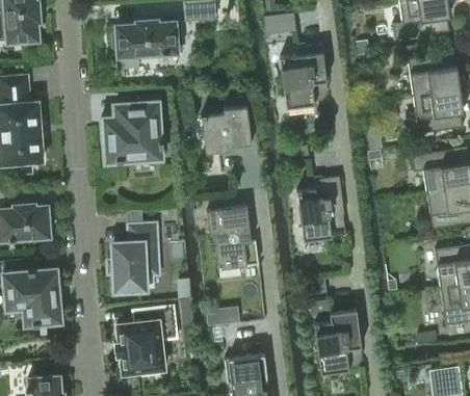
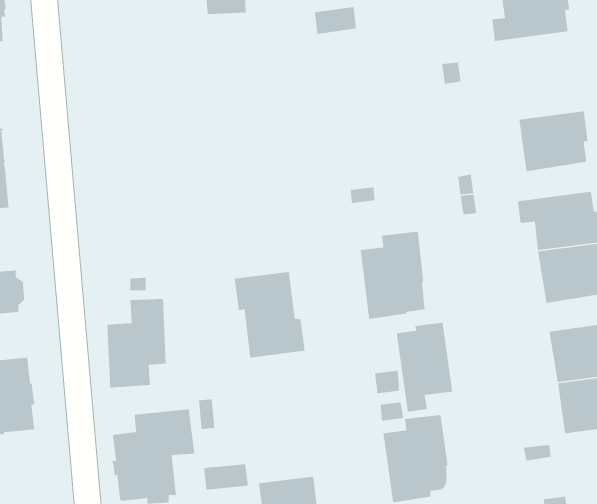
building: [111,19,181,57] -> none
building: [279,44,327,108] -> none
building: [407,52,460,96] -> none
building: [101,94,163,162] -> none
building: [184,107,251,155] -> none
building: none -> [396,322,453,412]
building: [205,308,238,327] -> [203,463,249,491]

